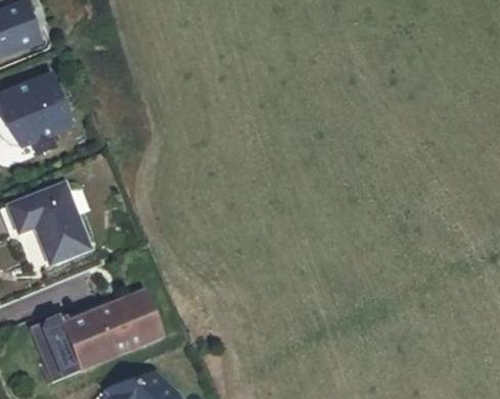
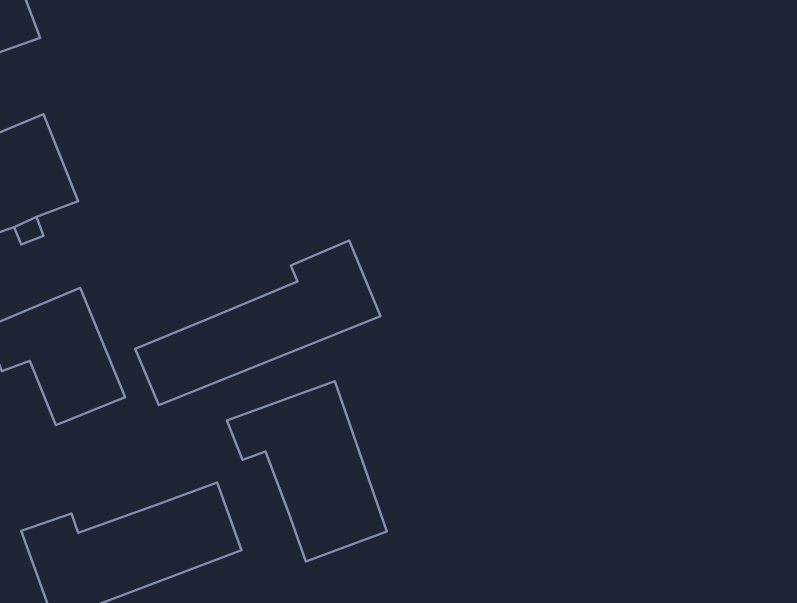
building: none -> [135,240,380,405]
building: none -> [227,381,387,561]

